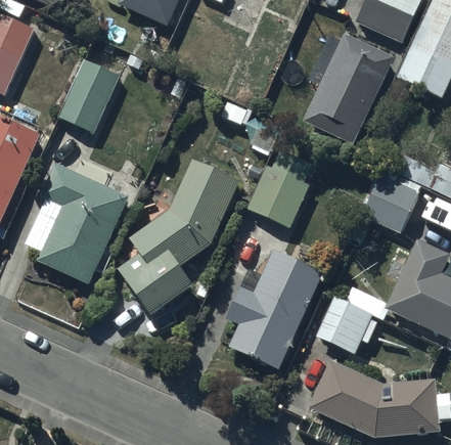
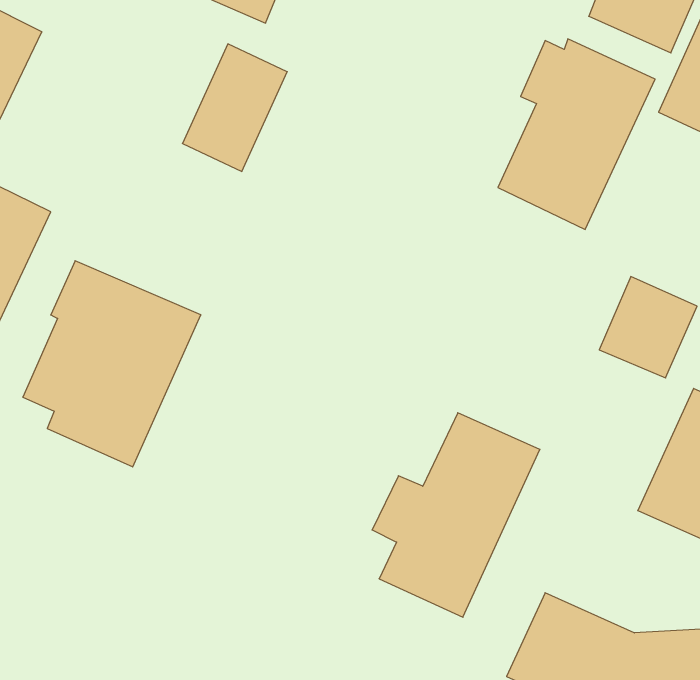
building: [57,57,119,132] -> [182,44,287,171]
building: [249,148,315,228] -> none
building: [120,162,242,318] -> none
building: [315,296,372,353] -> none

